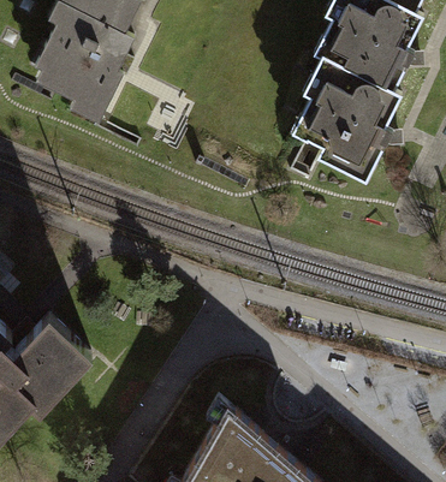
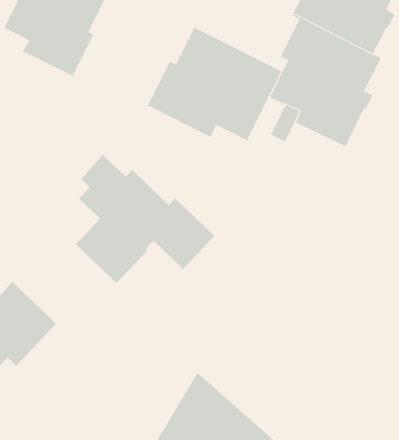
building: none -> [147,27,282,141]
building: none -> [75,154,215,284]

